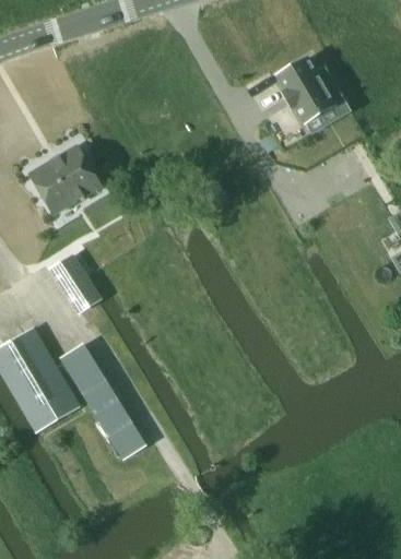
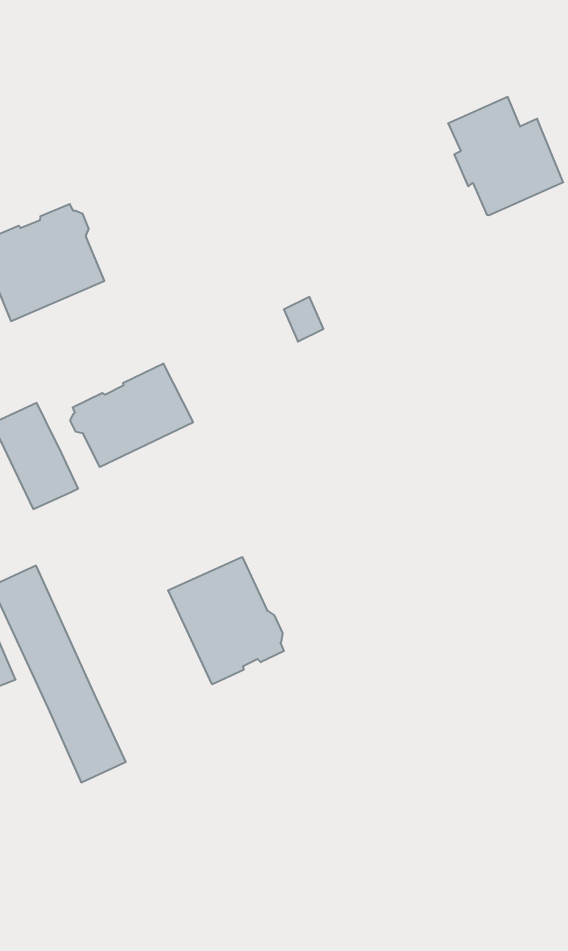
building: none -> [70,363,193,467]
building: none -> [168,557,284,684]

